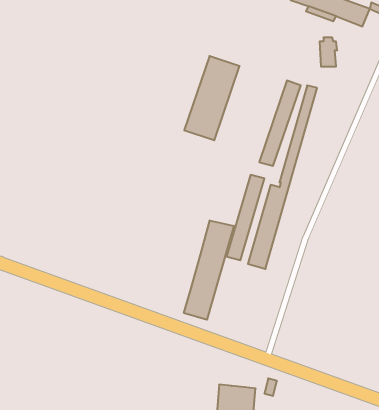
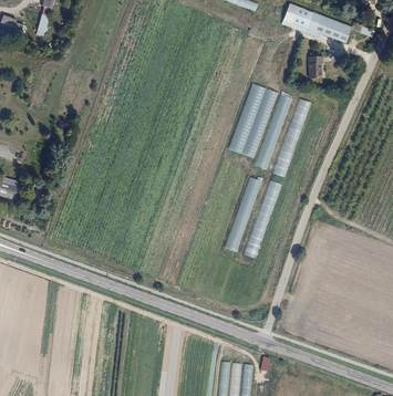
building: [184,56,240,140] -> [228,83,277,157]
building: [184,220,234,320] -> none

